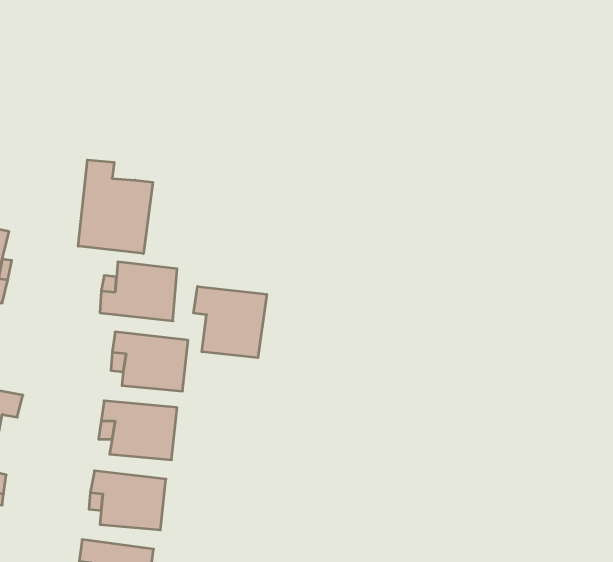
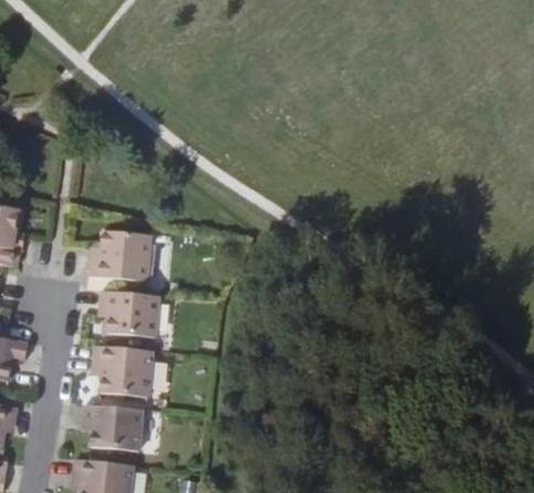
building: [78,160,153,254] -> none
building: [194,286,267,358] -> none

